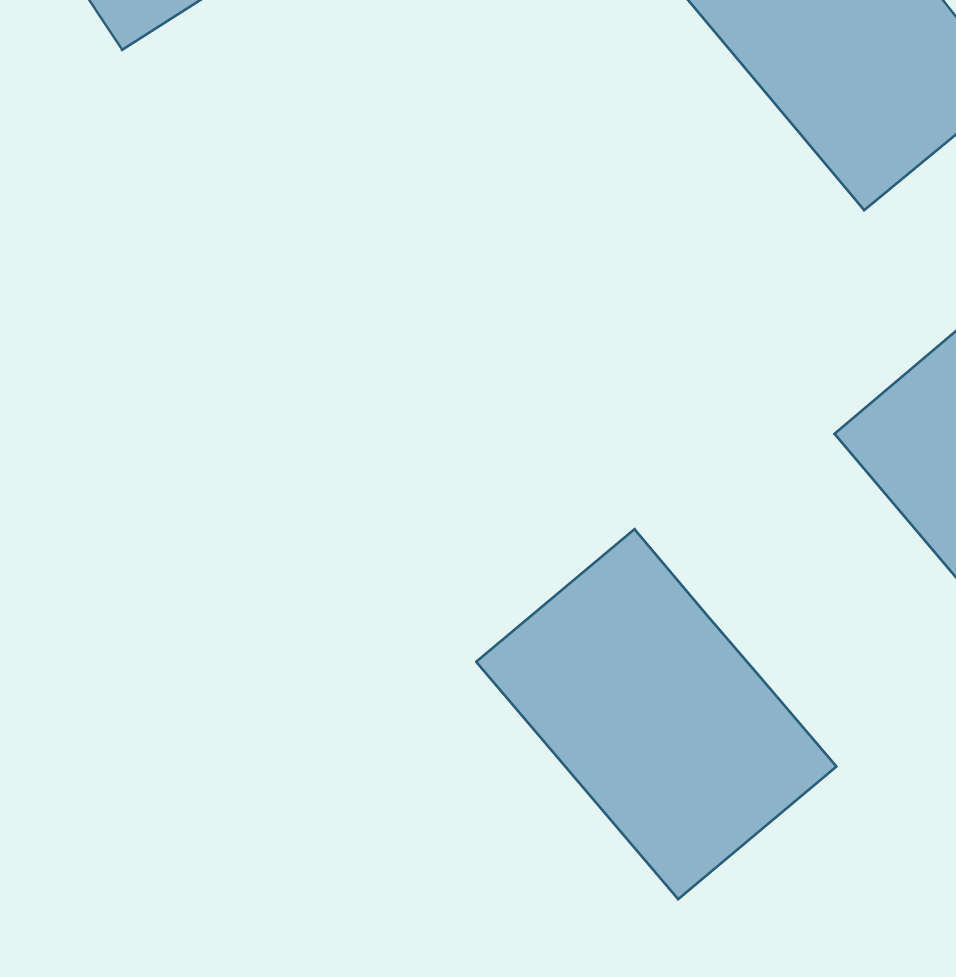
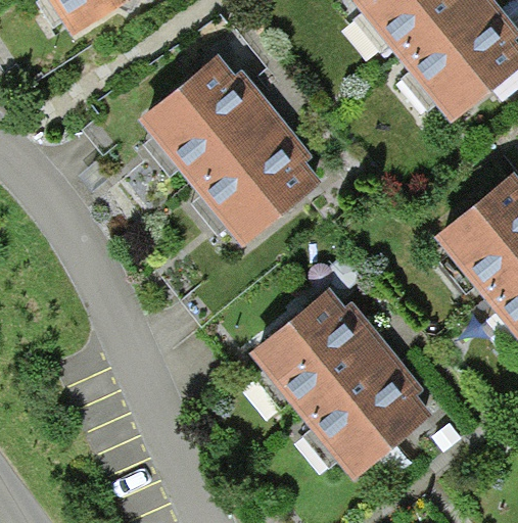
building: none -> [141,53,325,243]

